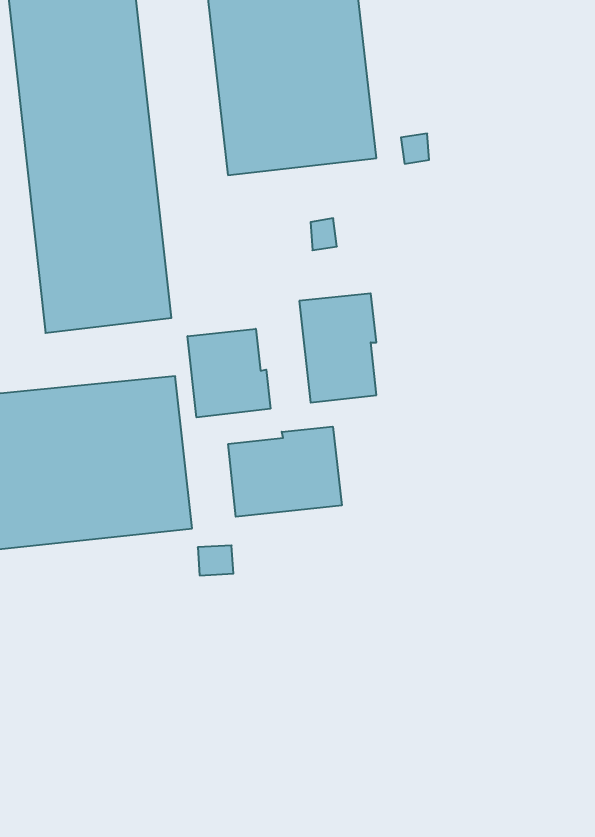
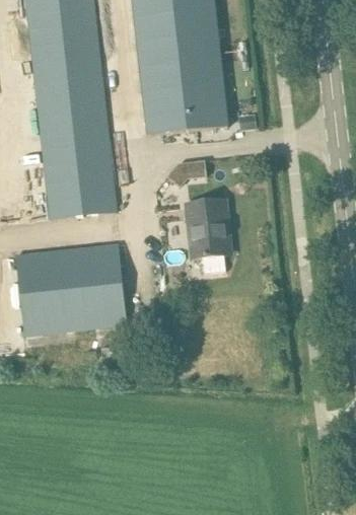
building: [188,329,270,417] -> none
building: [228,427,342,517] -> none

